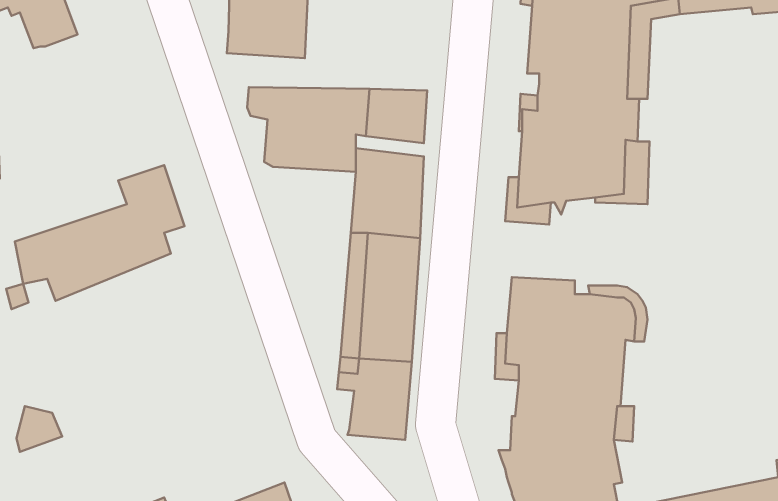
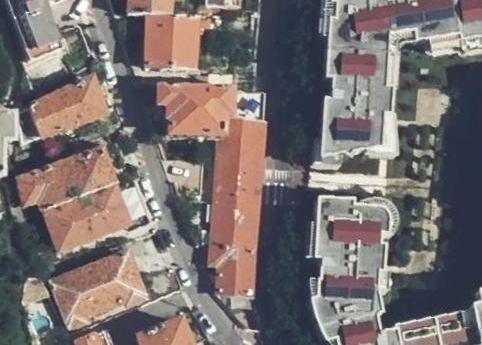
building: none -> [19,78,104,142]
building: none -> [46,183,129,249]
building: none -> [52,235,149,323]

